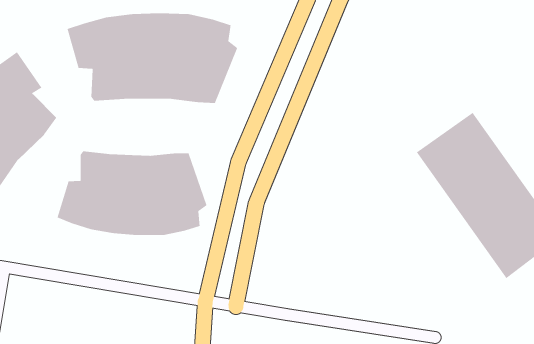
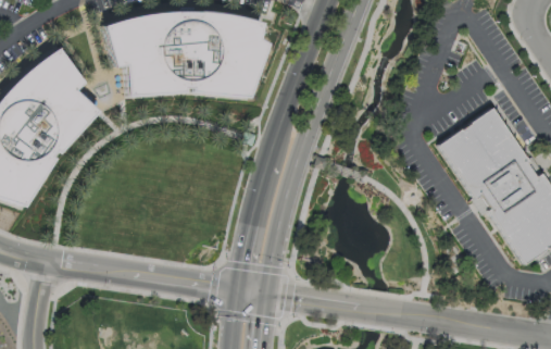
building: [56,150,207,236] -> none

